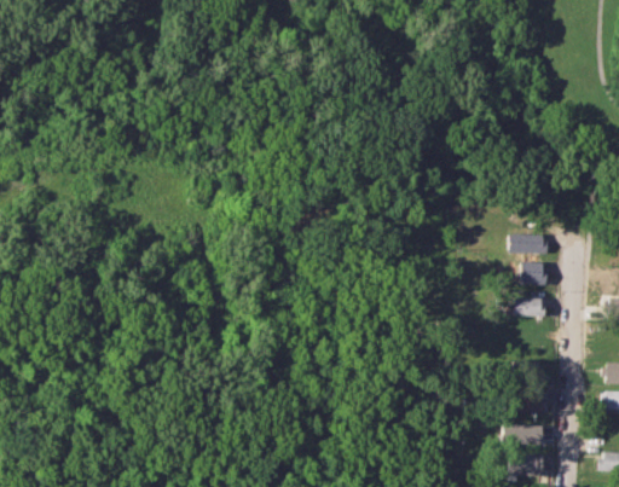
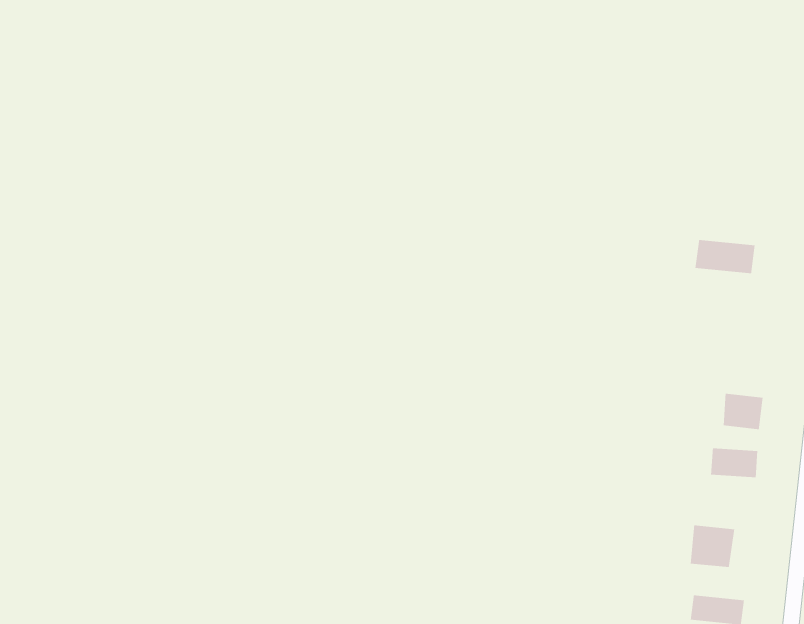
building: [509,234,548,255] -> [695,239,755,274]
building: none -> [690,525,735,568]

